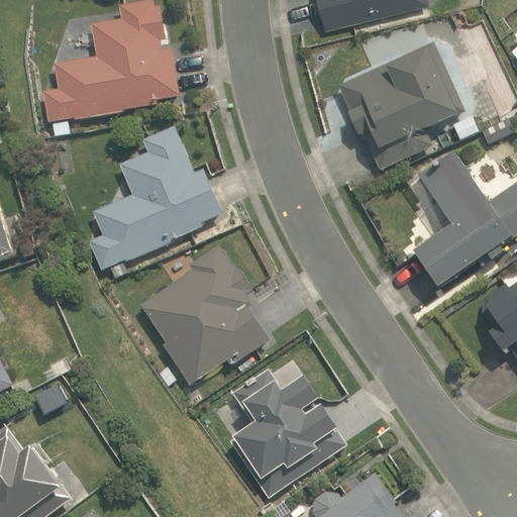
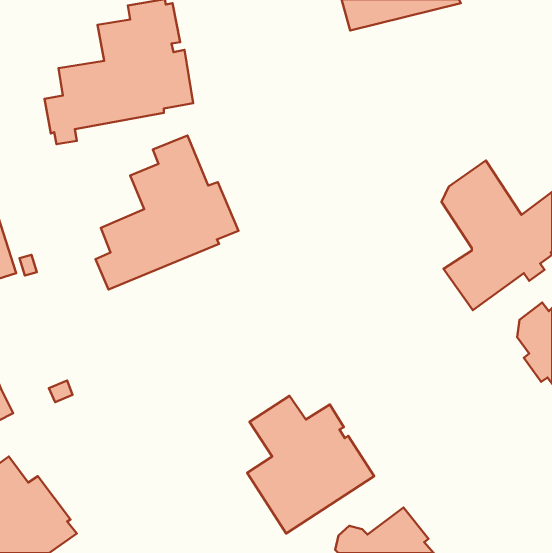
building: [338,42,463,170] -> none
building: [140,243,270,386] -> none

